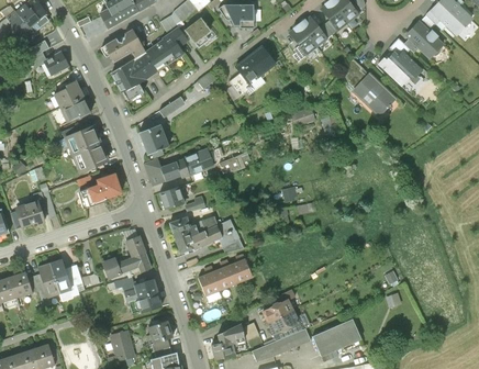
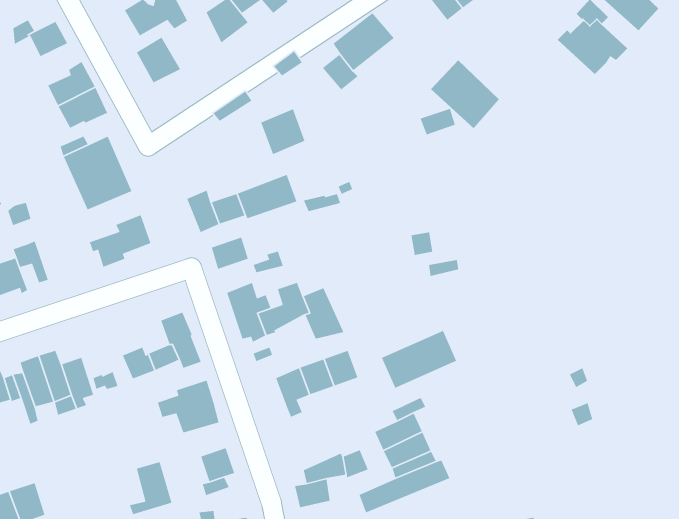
building: [127,46,165,82] -> none
building: [352,74,396,118] -> [430,59,500,129]
building: [141,124,169,154] -> [260,108,306,155]
building: [312,318,360,356] -> [381,330,457,389]

